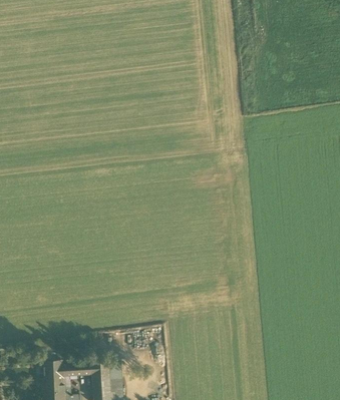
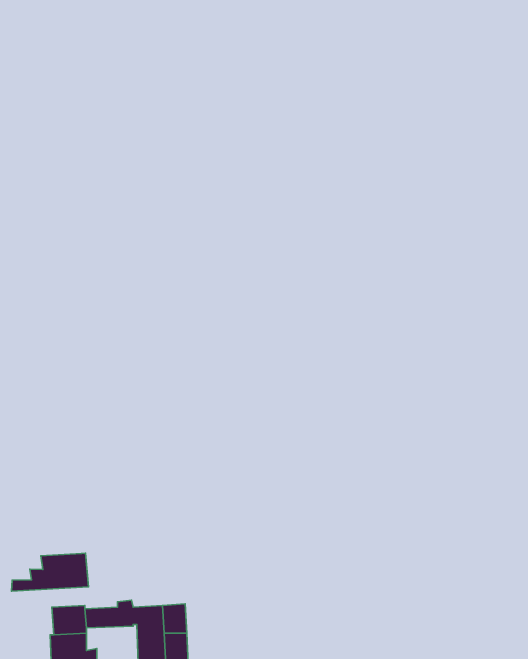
building: none -> [12,553,88,591]

